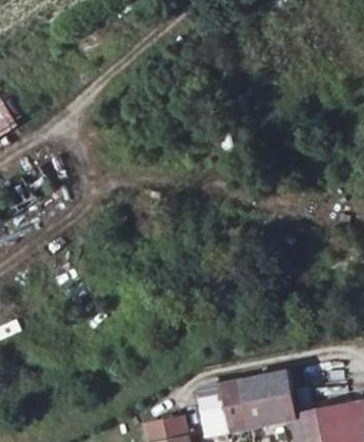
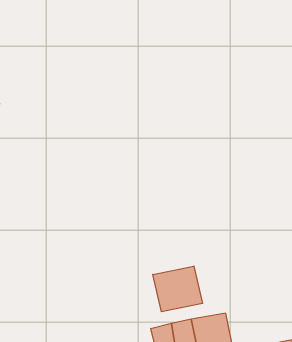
building: none -> [153,266,203,312]

